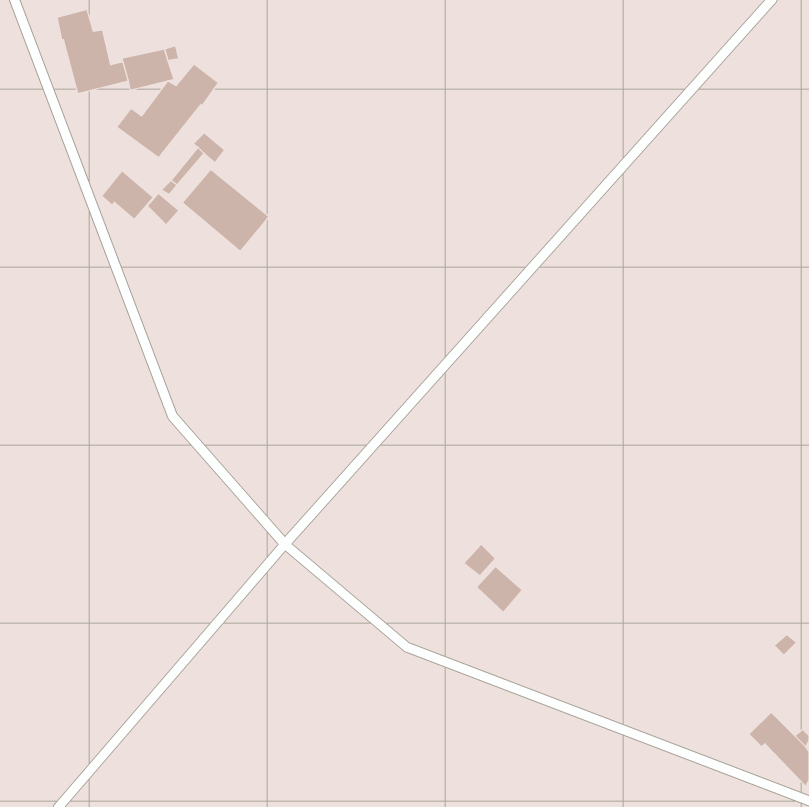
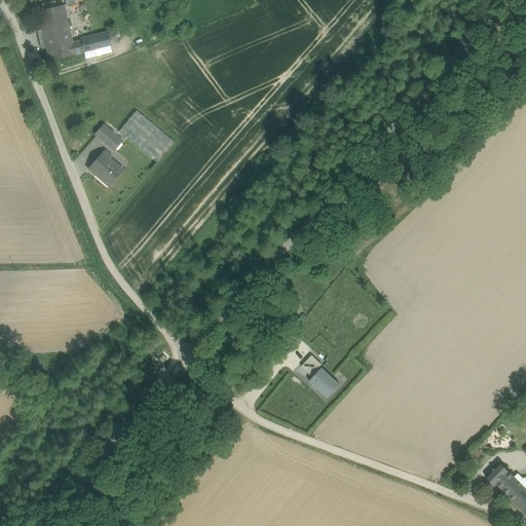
building: [117,64,219,158] -> none
building: [101,171,154,220] -> [88,152,122,184]

